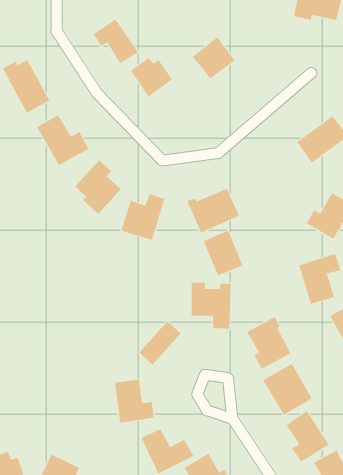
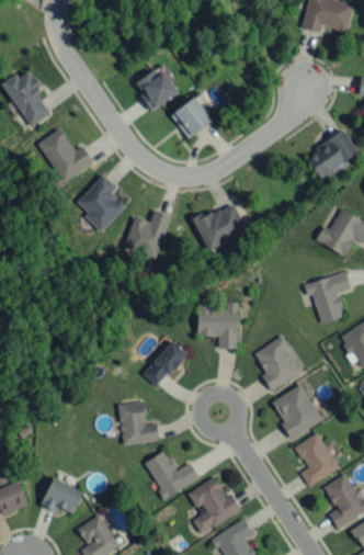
building: [93,18,139,64] -> none
building: [192,37,236,79] -> [171,94,216,138]
building: [203,230,243,276] -> none

